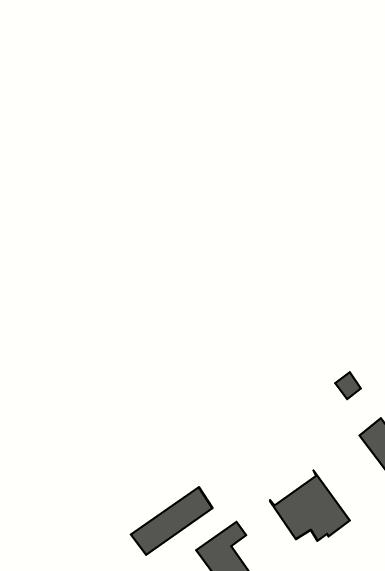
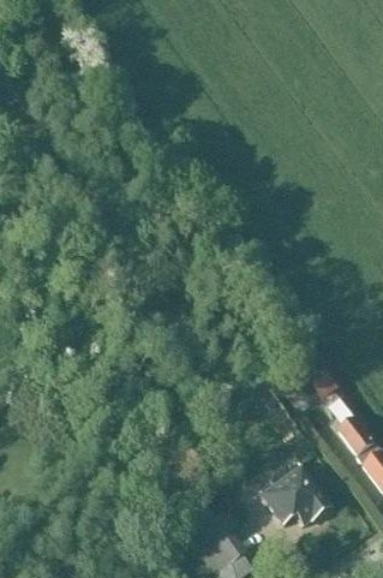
building: [131,487,213,555] -> none

